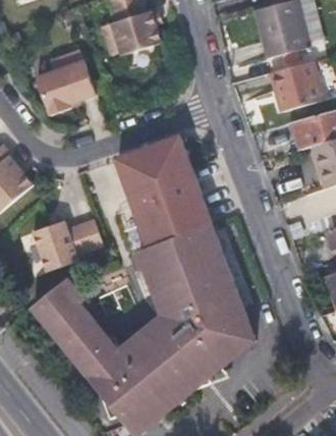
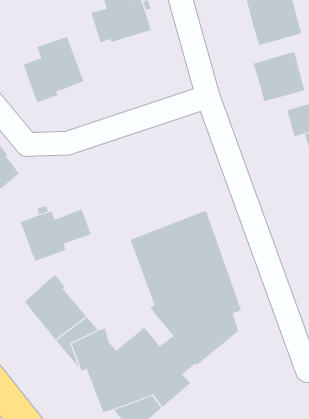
building: [116,135,210,246] -> none
building: [119,316,181,357] -> none
building: [191,318,258,389] -> none

